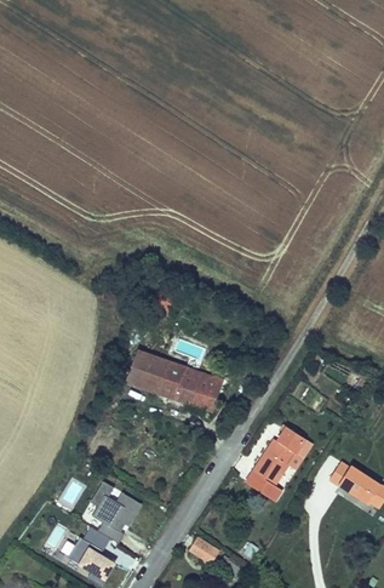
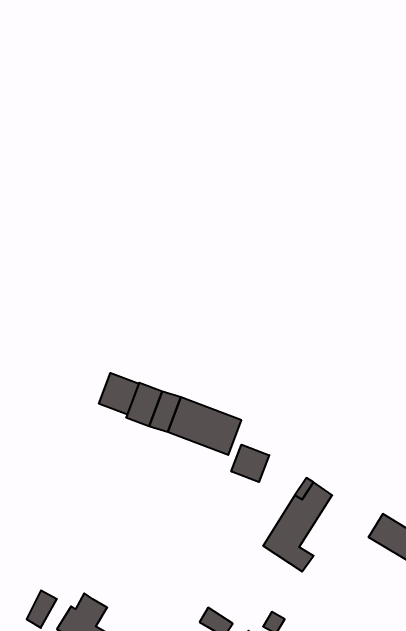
building: none -> [99,373,139,414]
building: none -> [231,445,269,482]
building: [93,478,145,543] -> none

